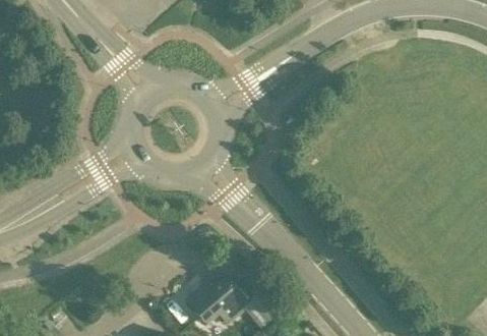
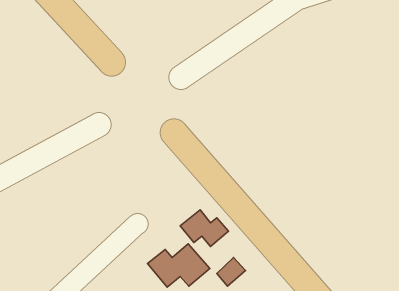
building: none -> [180,210,229,247]

